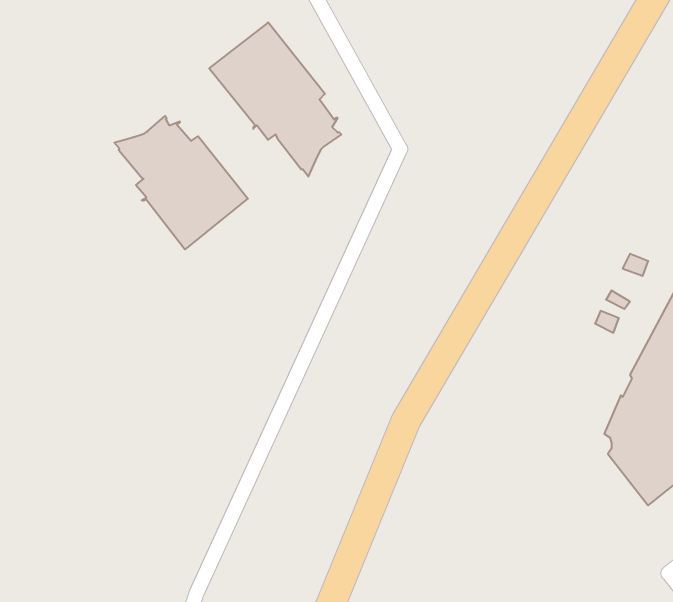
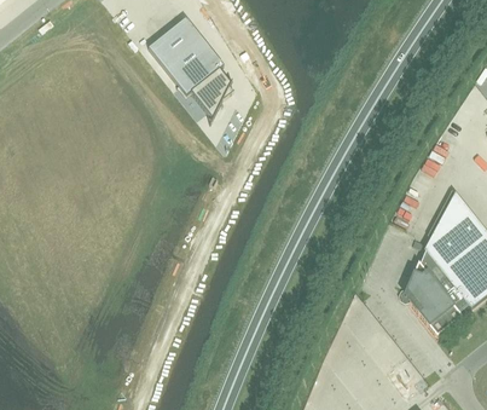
building: [114,116,248,249] -> none

